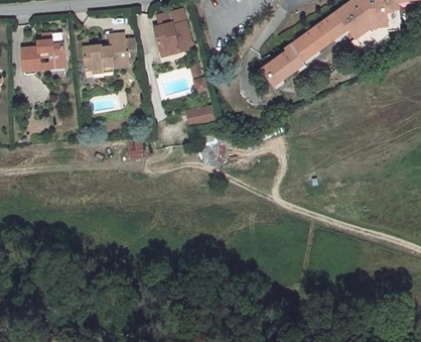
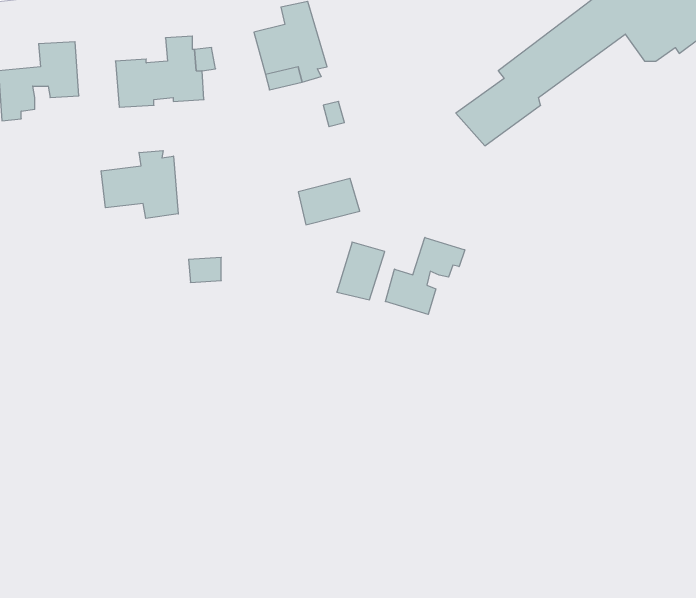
building: none -> [101,151,178,218]
building: none -> [385,237,465,314]

